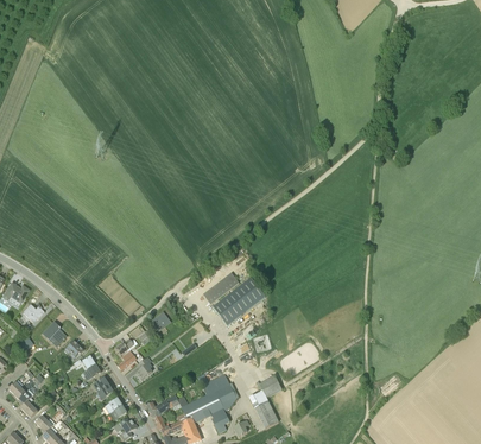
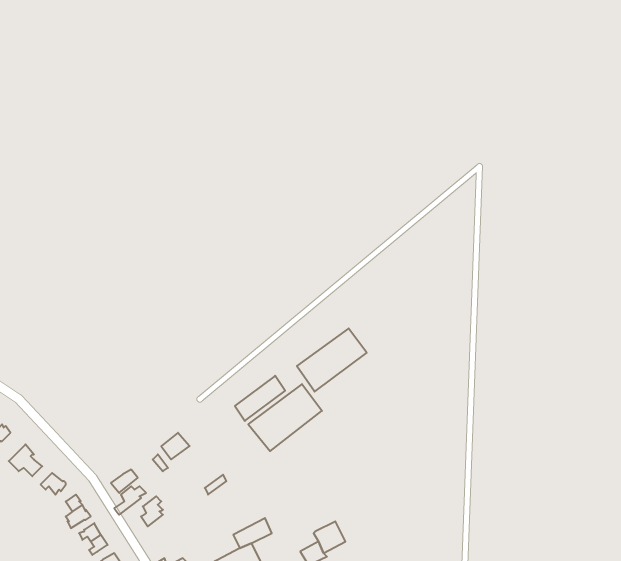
building: none -> [297,328,367,392]

